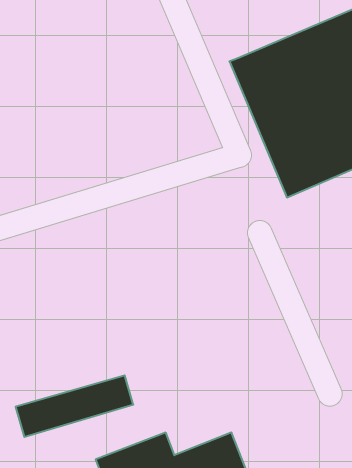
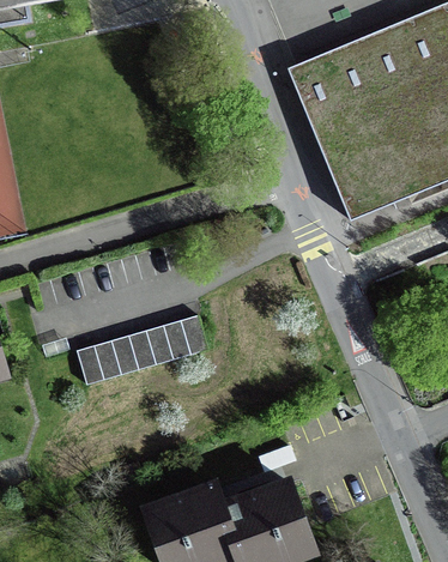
building: [16,375,133,437] -> [74,318,205,386]

